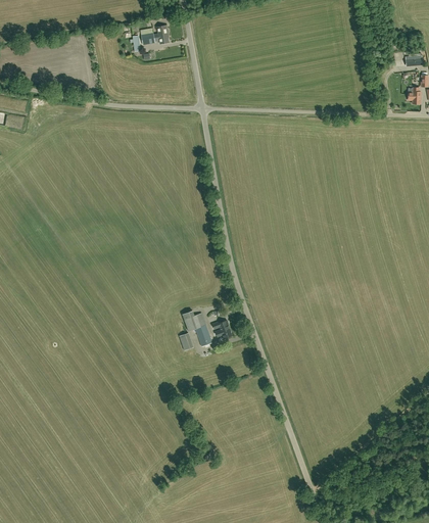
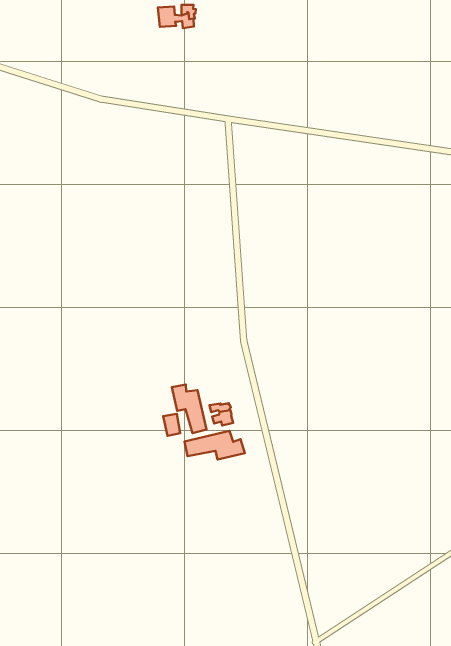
building: none -> [185,431,245,460]

